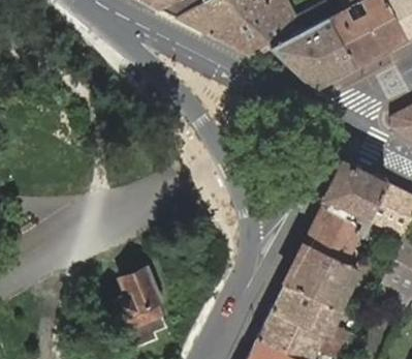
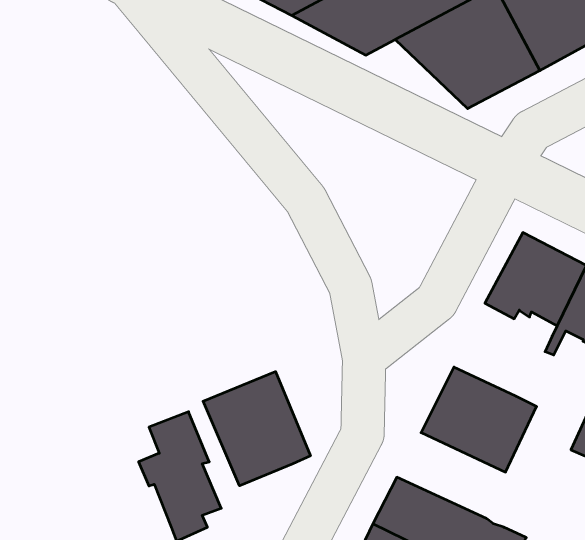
building: [307,206,361,262] -> none
building: none -> [203,372,310,486]
building: [273,283,344,340] -> none

